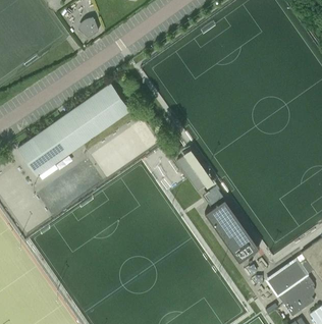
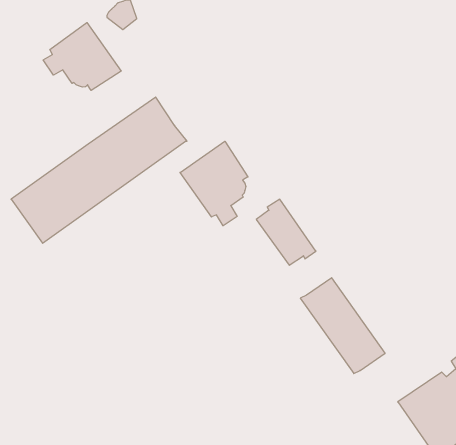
building: none -> [43,23,121,90]
building: none -> [180,141,248,226]

